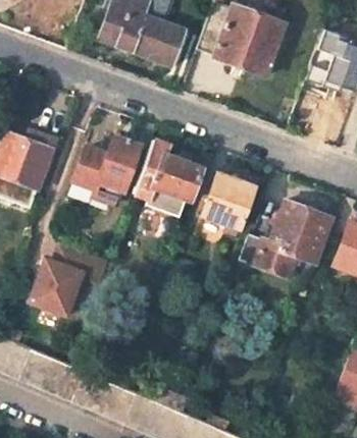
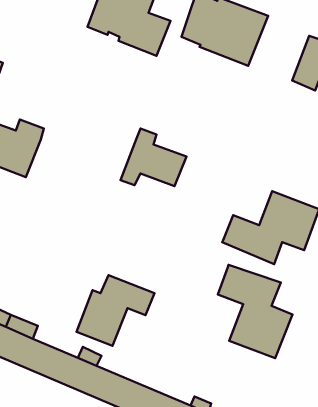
building: [73,122,160,206] -> none
building: [201,175,255,236] -> none
building: [27,243,106,316] -> [77,275,154,346]
building: none -> [218,265,293,358]

